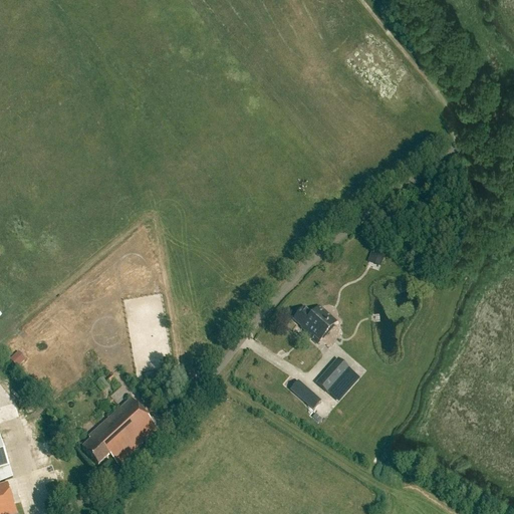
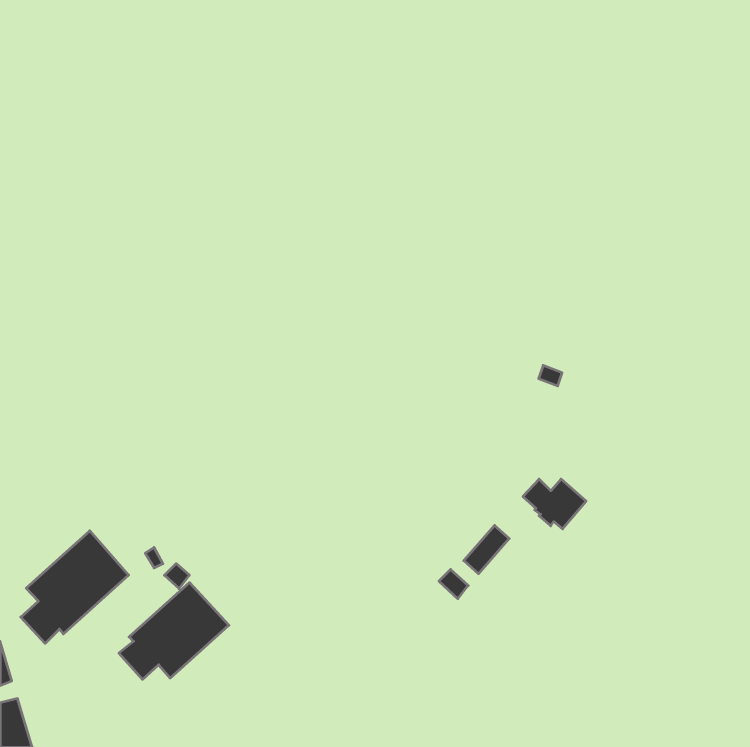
building: [293,306,336,340] -> [523,479,586,529]
building: none -> [21,531,129,643]

